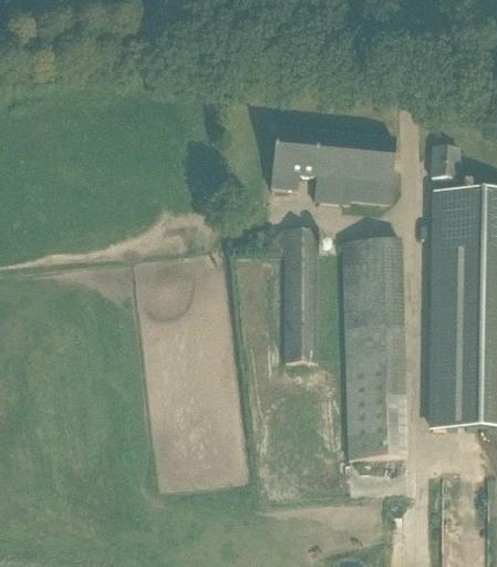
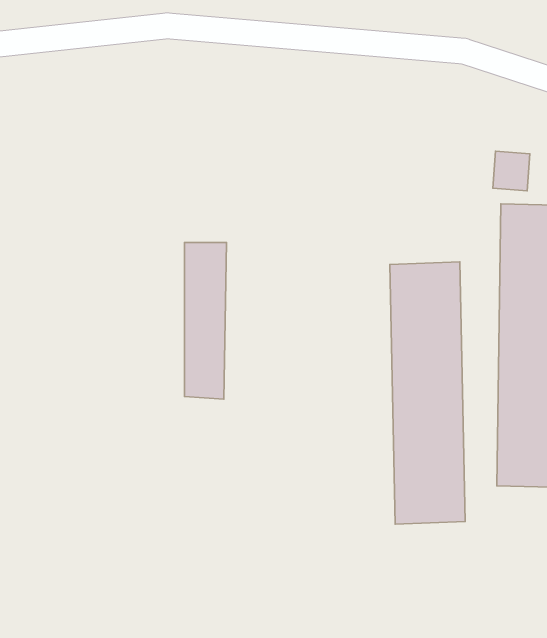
building: [270,127,395,203] -> none
building: [284,229,320,361] -> [184,242,227,399]

